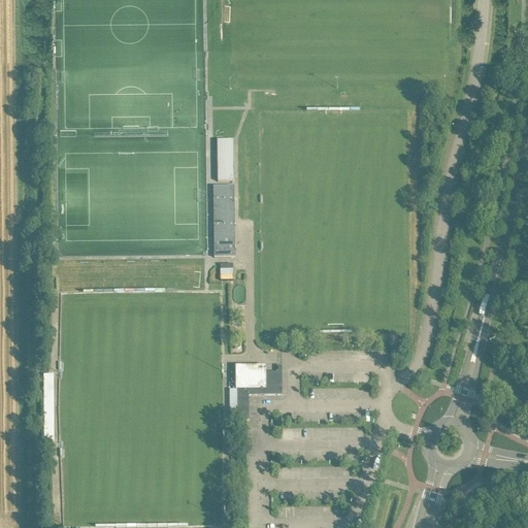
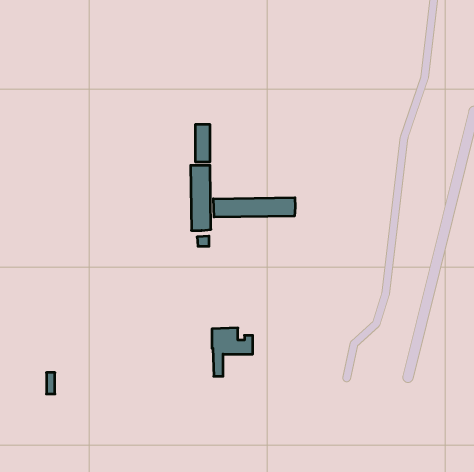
building: none -> [213,198,295,217]

